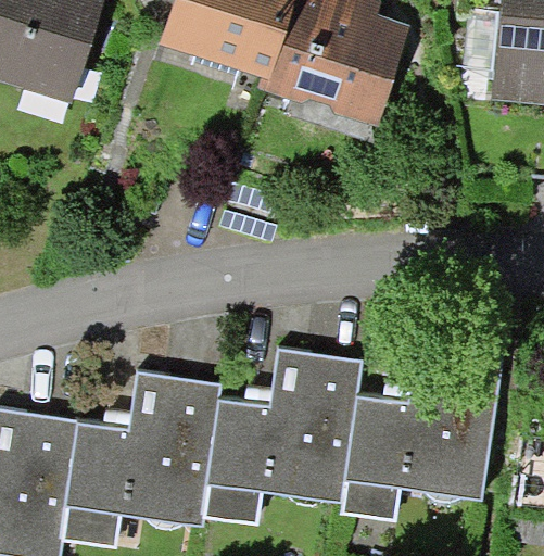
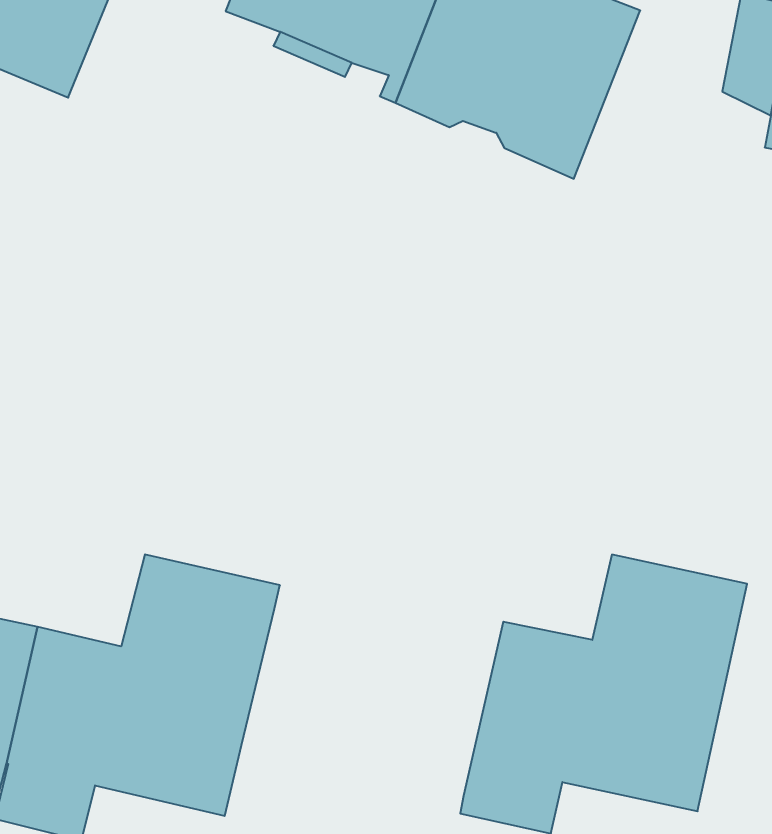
building: [205,349,364,525] -> none

